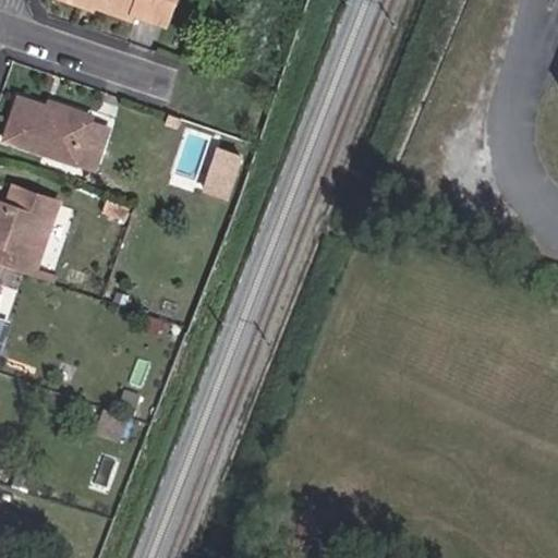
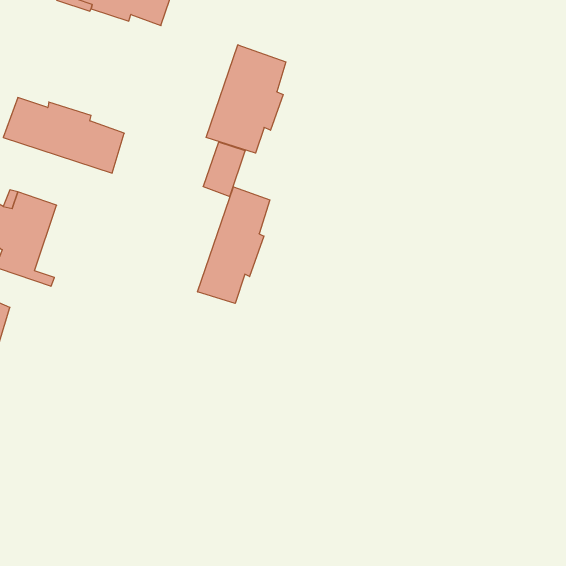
building: none -> [206,45,286,153]
building: none -> [198,187,270,303]

